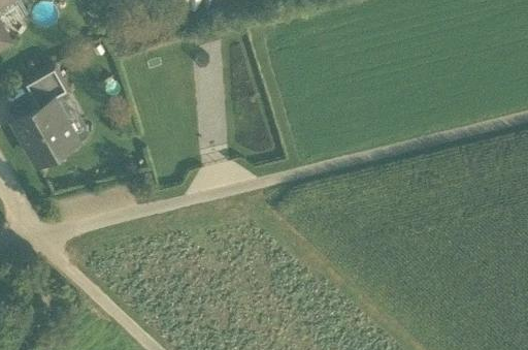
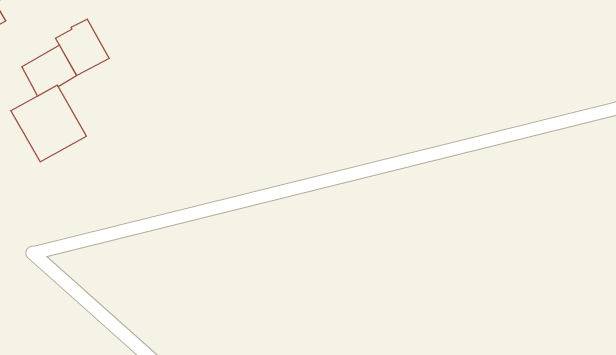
building: none -> [56,19,109,75]

